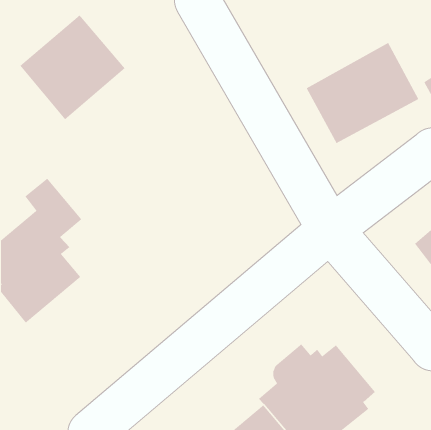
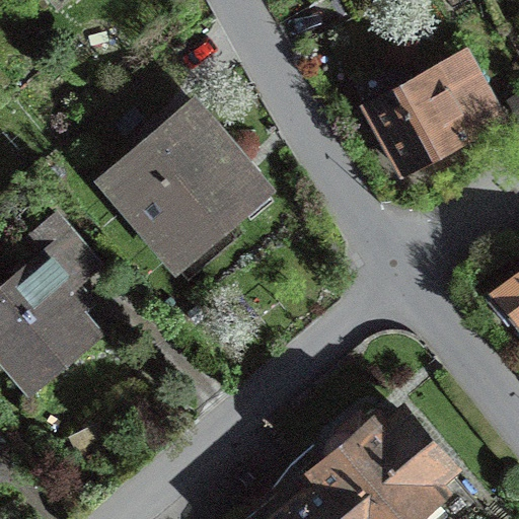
building: [19,15,126,120] -> none
building: none -> [108,112,252,252]

